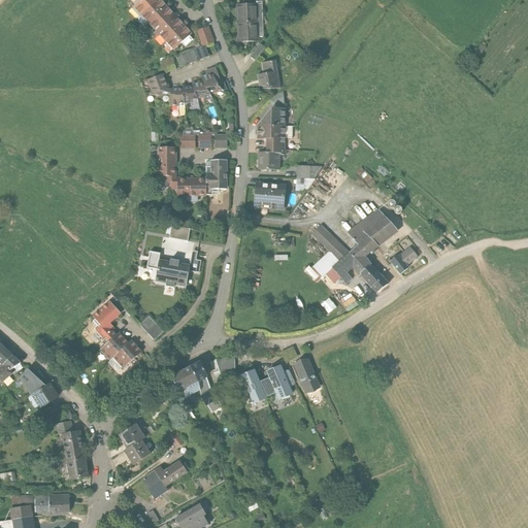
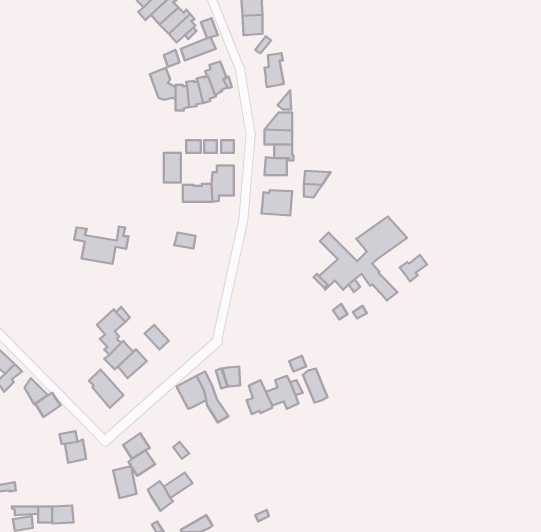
building: [148,251,201,287] -> [74,227,128,264]
building: none -> [89,370,123,408]
building: [66,446,89,476] -> [113,466,137,498]

